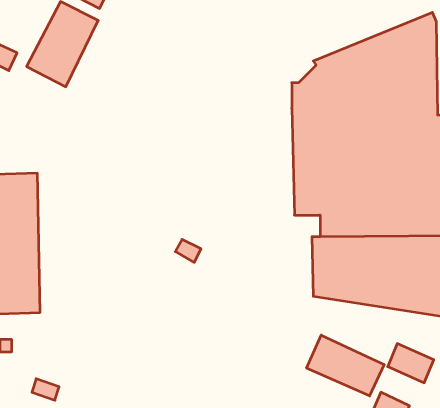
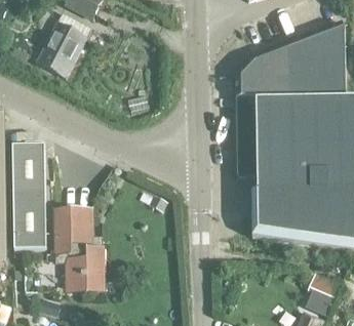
building: none -> [54,207,104,289]
building: [307,335,384,396] -> none

